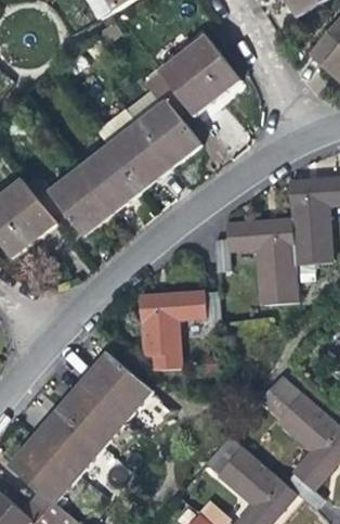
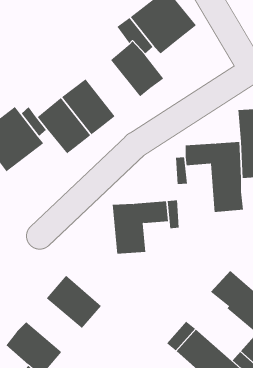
building: [108,122,173,189] -> none
building: [84,353,152,418] -> none
building: [37,408,104,473] -> none

